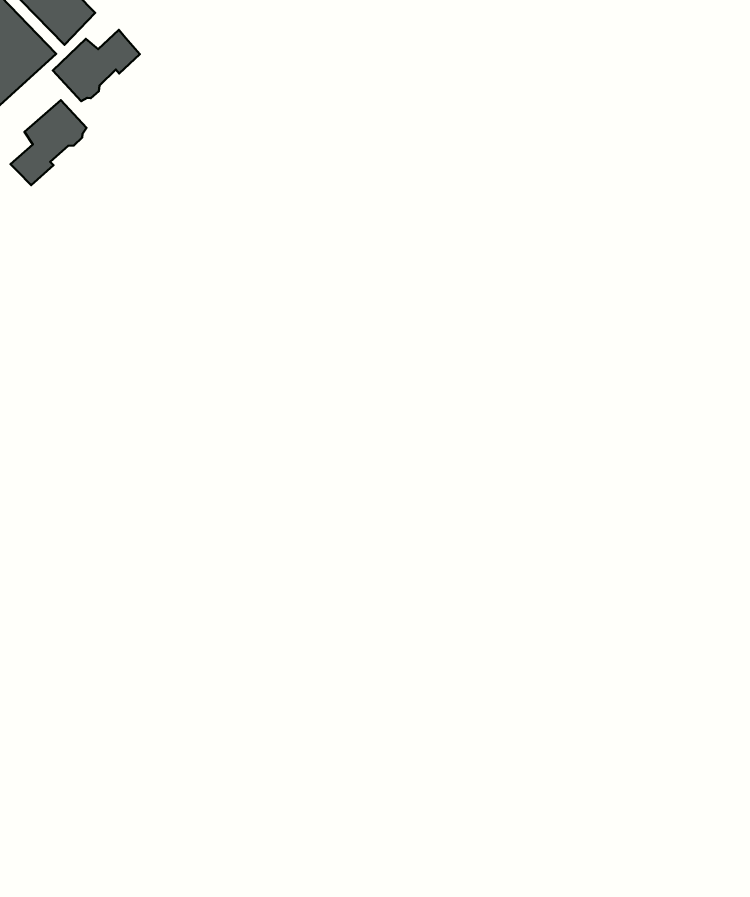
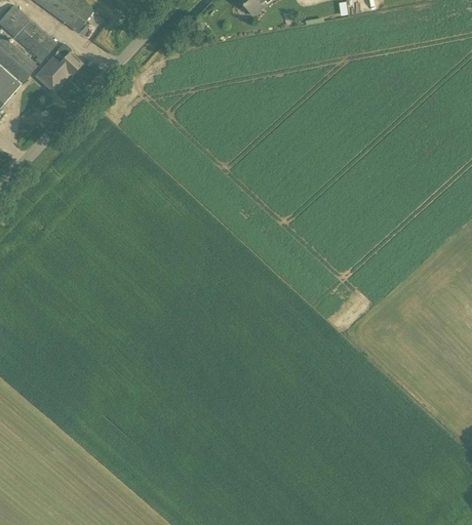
building: [11,100,87,185] -> none

